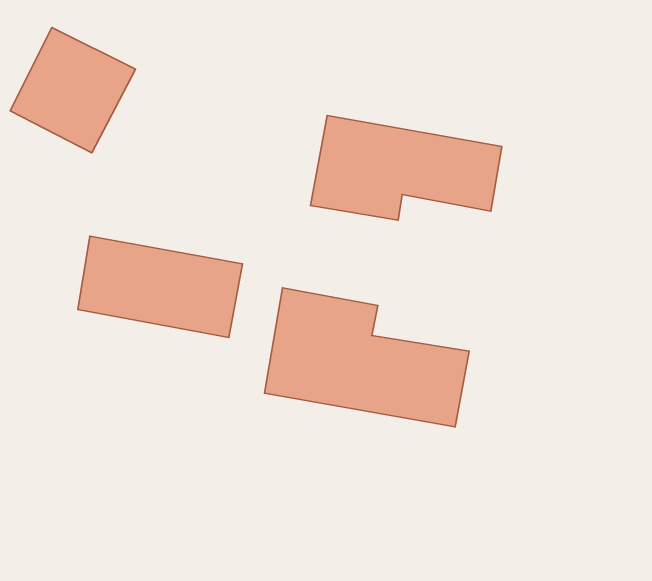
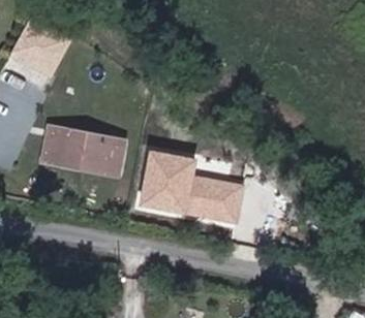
building: [311,116,502,220] -> none

